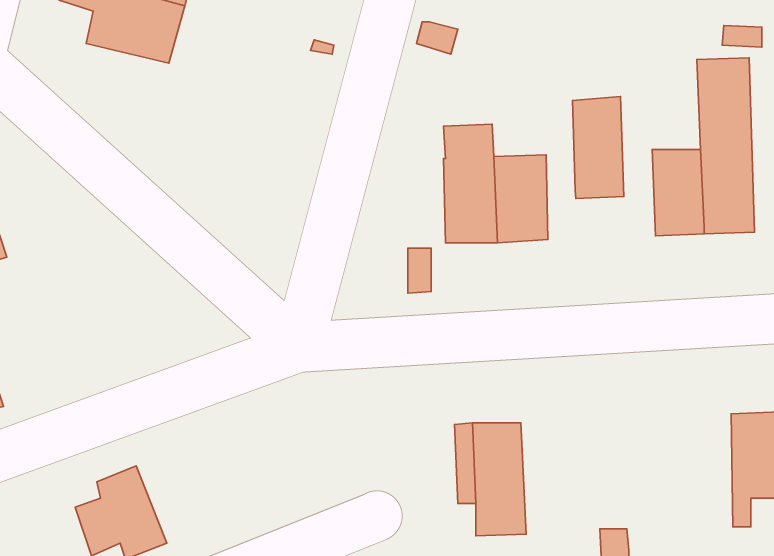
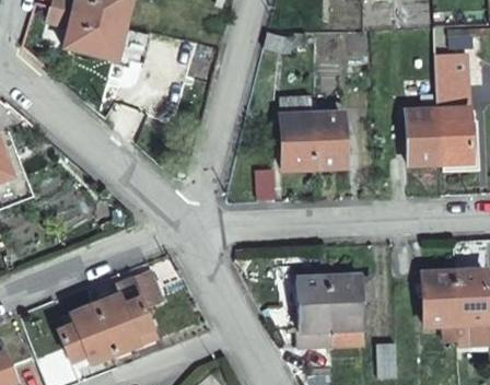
building: [572,96,624,198] -> none
building: none -> [94,268,161,350]
building: none -> [423,271,457,340]
building: none -> [328,276,371,345]

